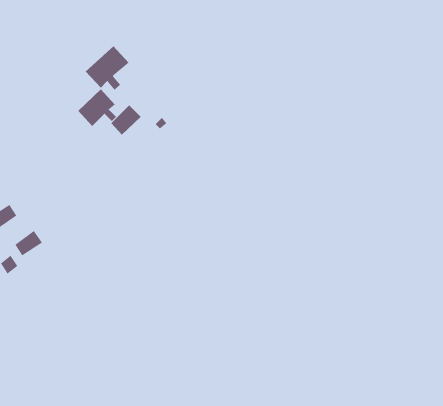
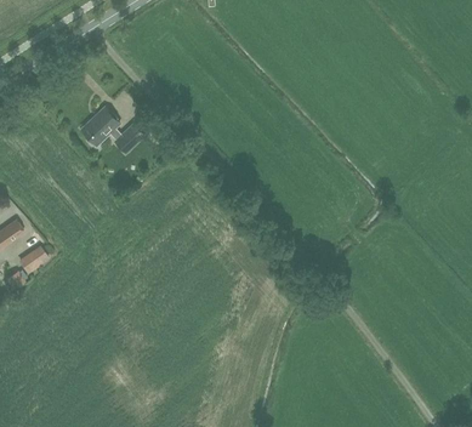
building: [85,45,129,90] -> none

